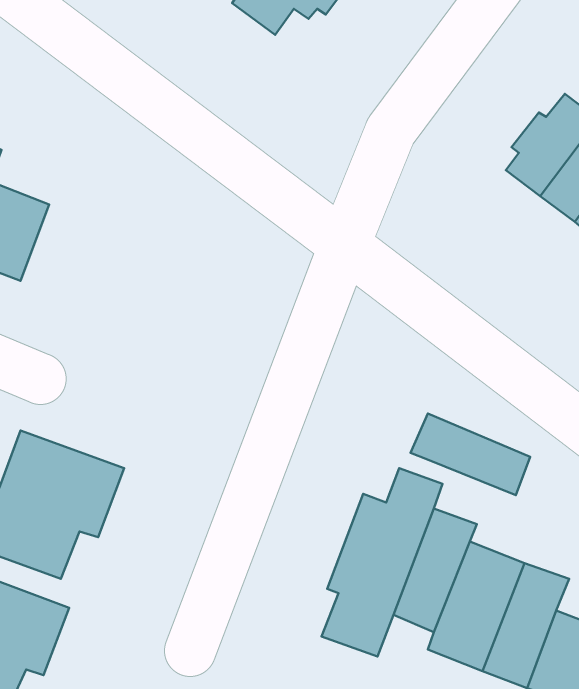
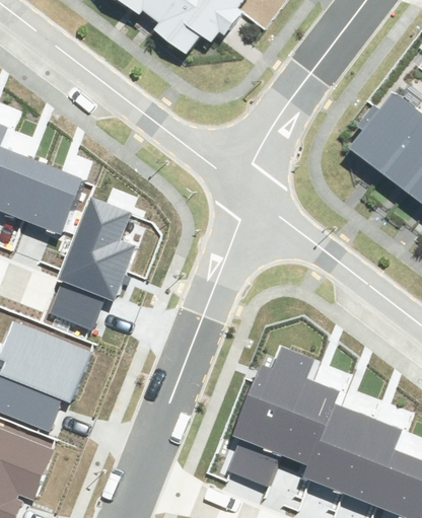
building: none -> [17,165,77,234]
building: none -> [49,197,134,330]
building: [411,414,530,495] -> none

